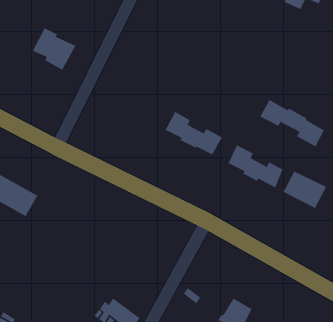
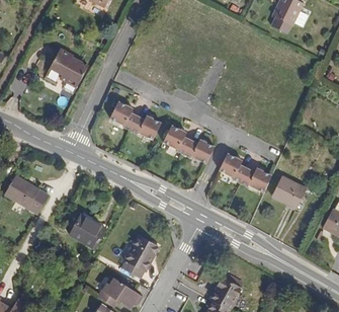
building: none -> [109,95,161,135]
building: [259,99,325,147] -> none
building: none -> [68,214,104,247]
building: none -> [128,241,156,276]

